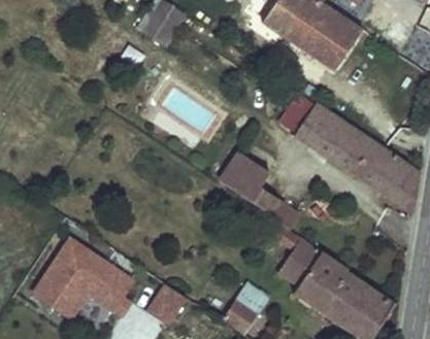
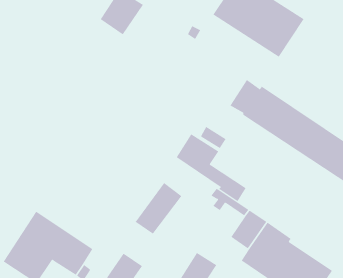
building: none -> [135,182,182,235]

